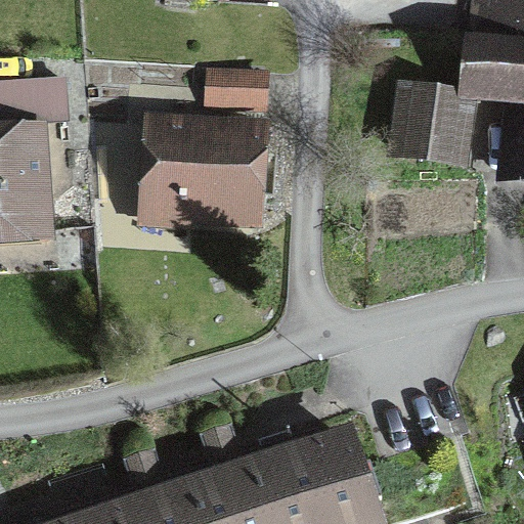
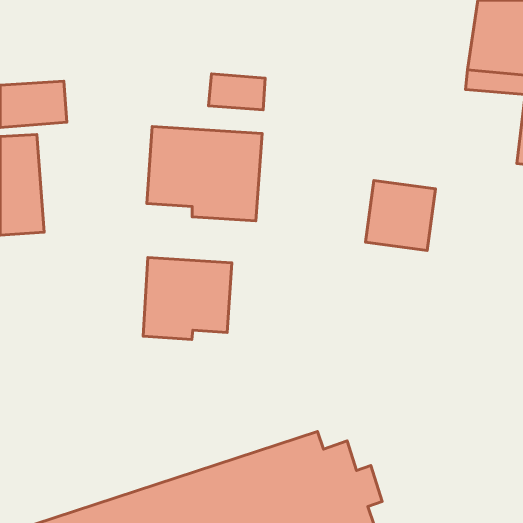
building: [399,94,469,164] -> [366,181,435,250]
building: none -> [143,257,232,340]

